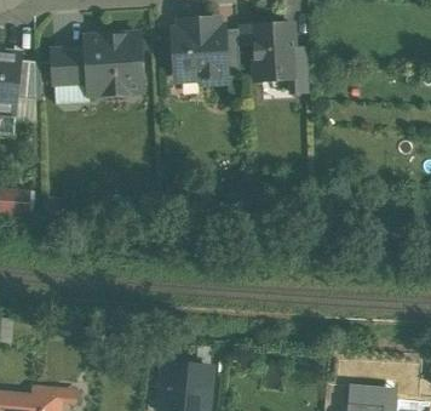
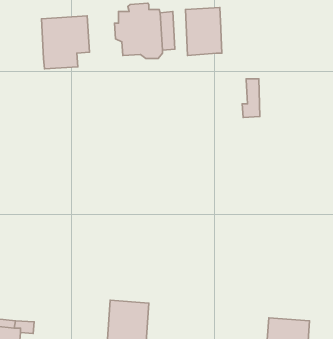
building: [289,47,310,92] -> [242,79,260,117]
building: [53,48,88,84] -> none

